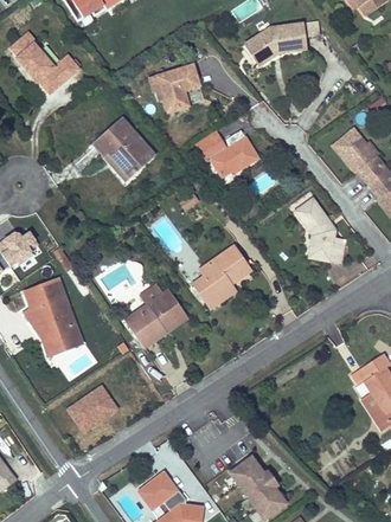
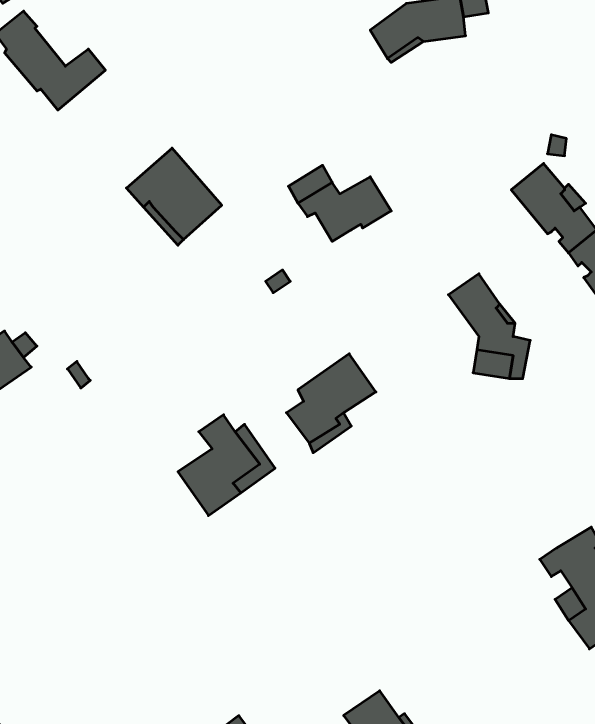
building: [155,63,198,111] -> none
building: [23,276,84,355] -> none
building: [66,385,120,434] -> none

